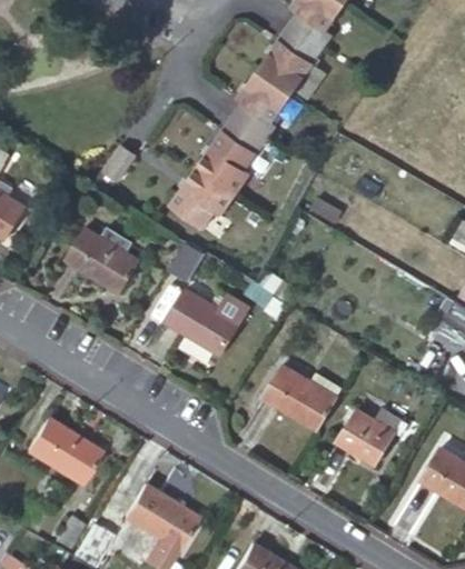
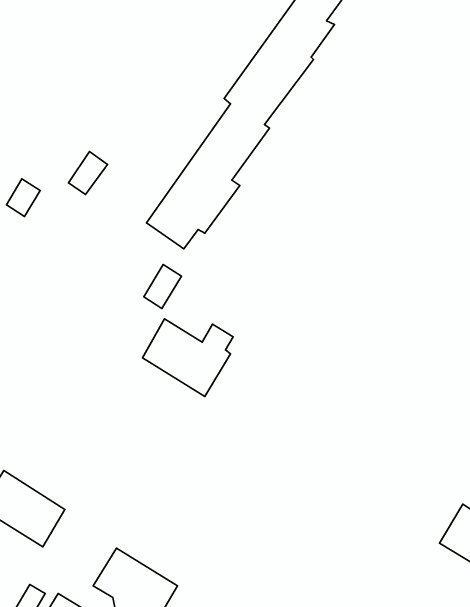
building: [66,227,140,293] -> none
building: [264,366,337,430] -> none
building: [337,409,409,466] -> none

